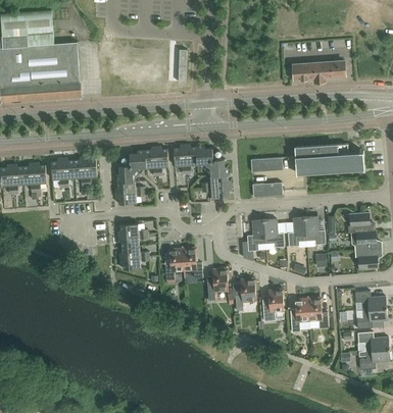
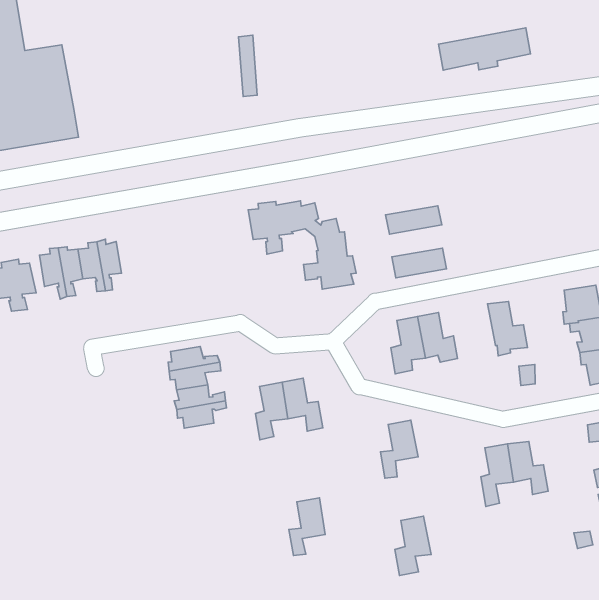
building: [294,144,363,172] -> none
building: [114,147,167,204] -> none
building: [287,216,306,246] -> none
building: [206,268,227,300] -> [289,498,325,556]
building: [262,289,283,321] -> [395,516,431,576]

